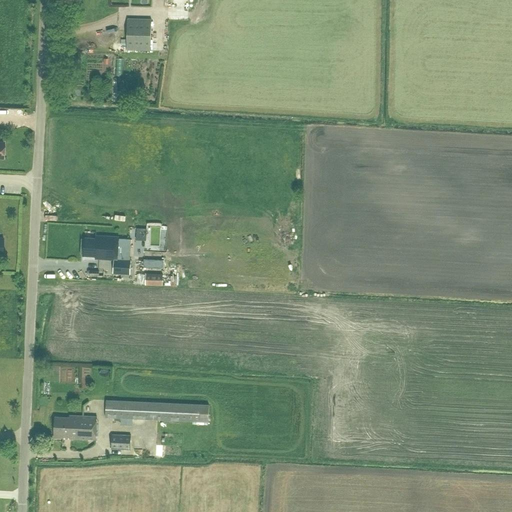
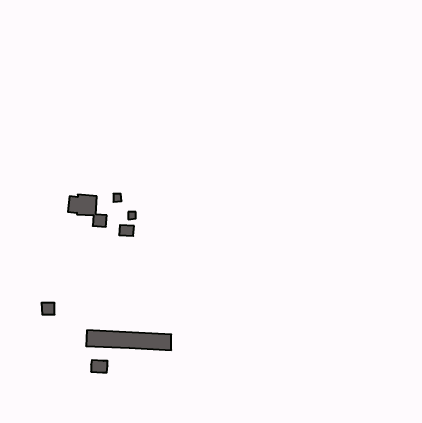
building: [125,18,150,51] -> none
building: [53,415,95,440] -> none

